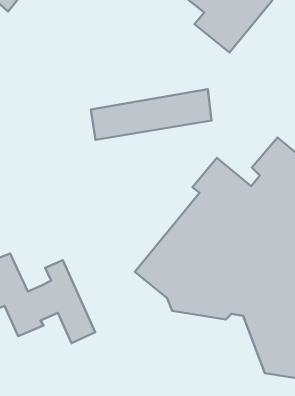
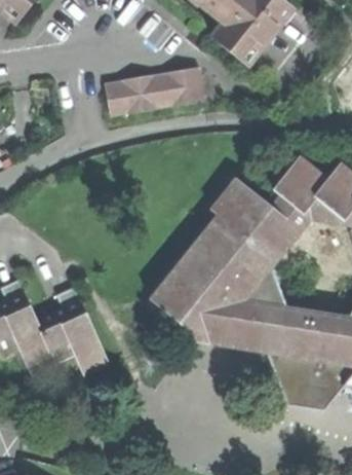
building: [91,89,212,140] -> [79,67,206,120]

